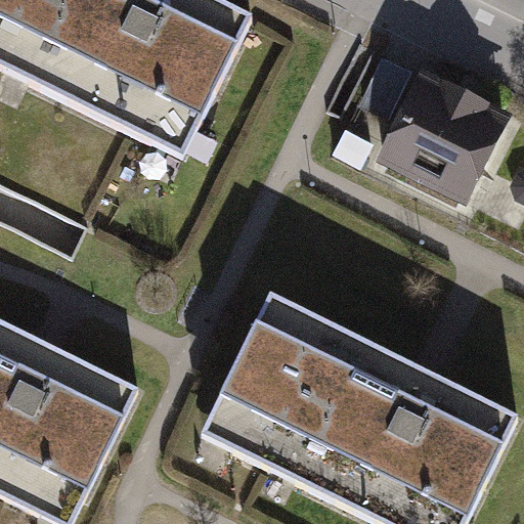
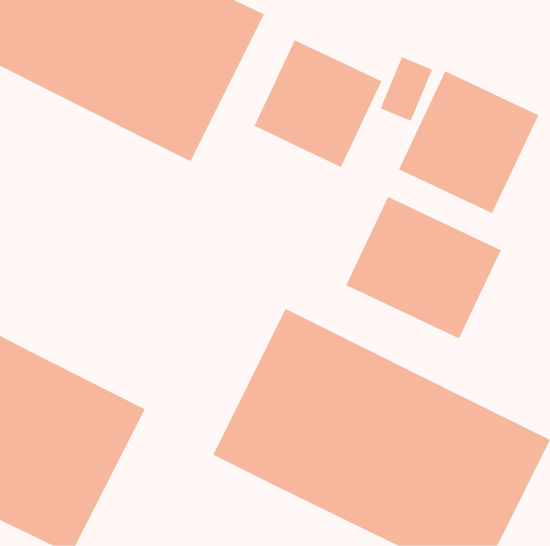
building: none -> [254,40,382,168]
building: none -> [345,196,501,339]

